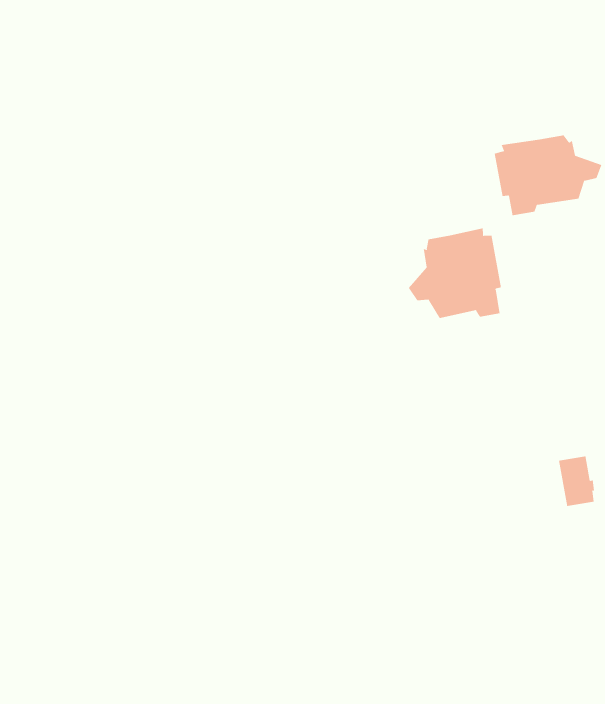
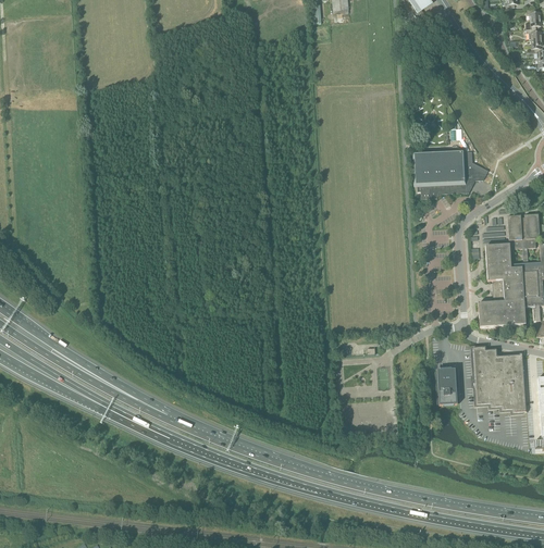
building: [408,227,501,319] -> none

